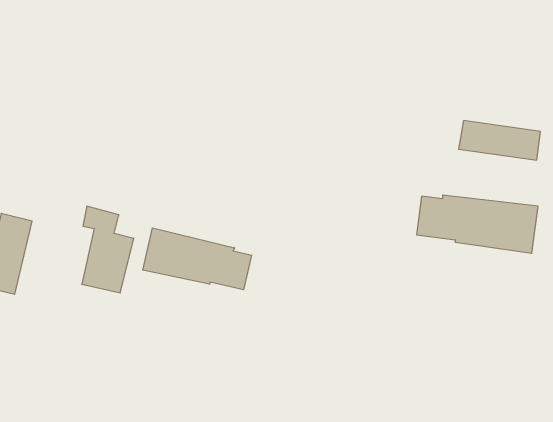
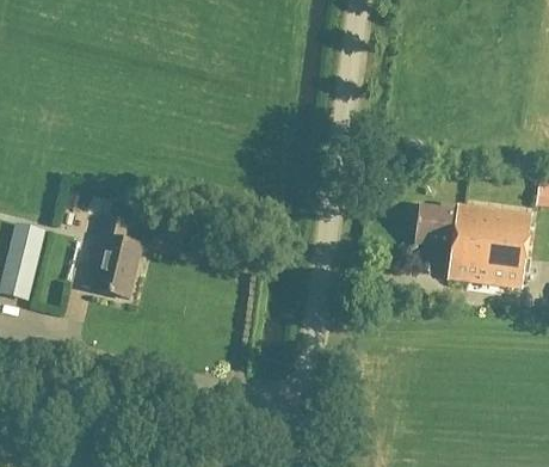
building: [459,121,540,160] -> [446,248,525,287]
building: [143,228,251,290] -> none

